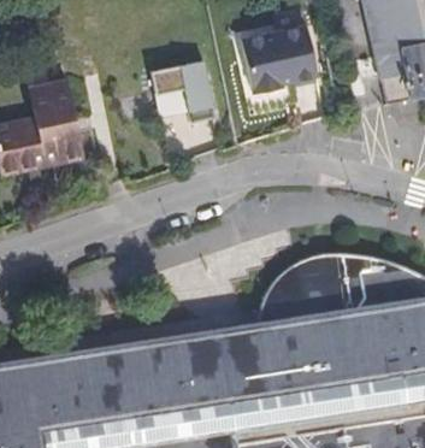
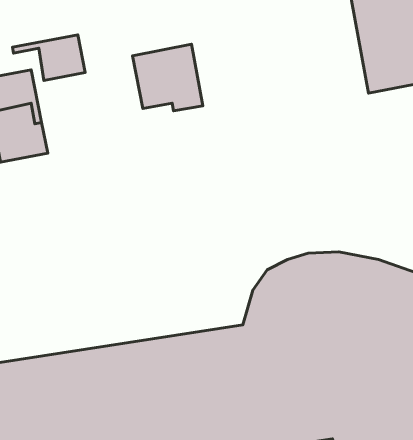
building: [237,22,313,89] -> none
building: none -> [13,35,85,81]

